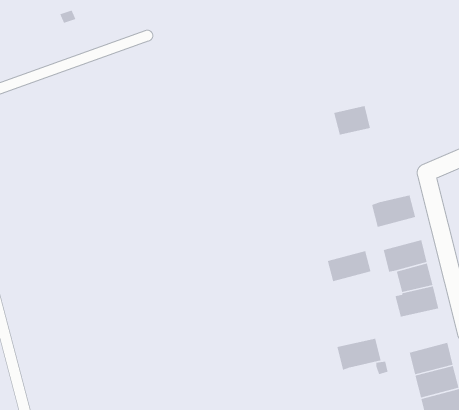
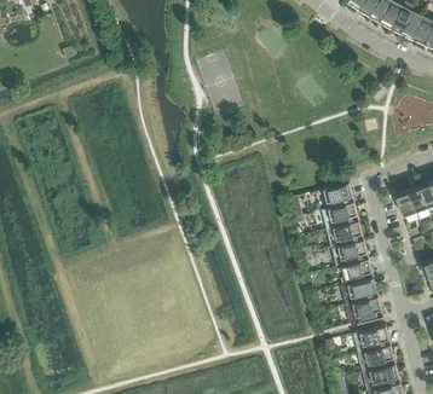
building: [333,105,371,136] -> [324,182,356,208]
building: [327,250,372,282] -> [328,221,365,248]
building: [337,338,381,371] -> [347,297,385,325]

